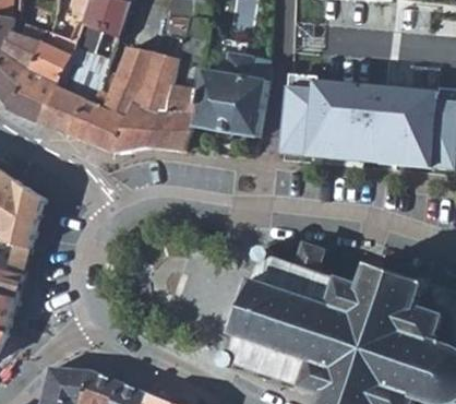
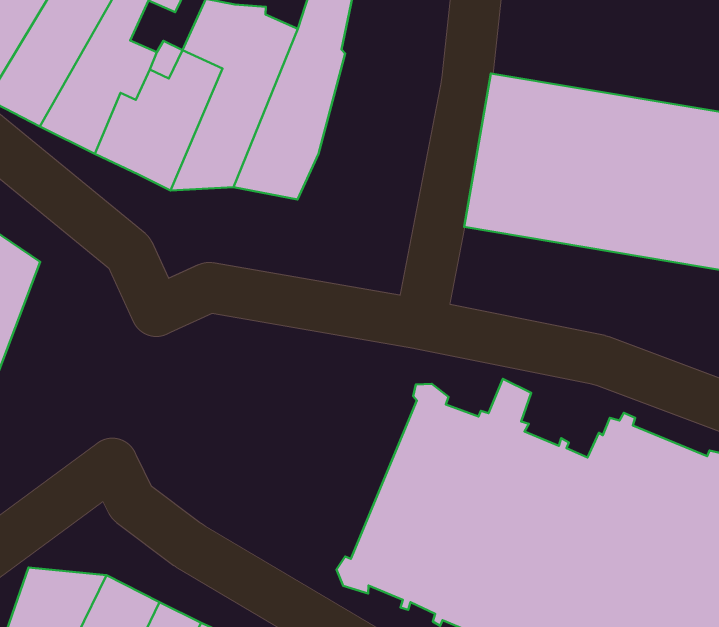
building: [195,54,267,136] -> none

